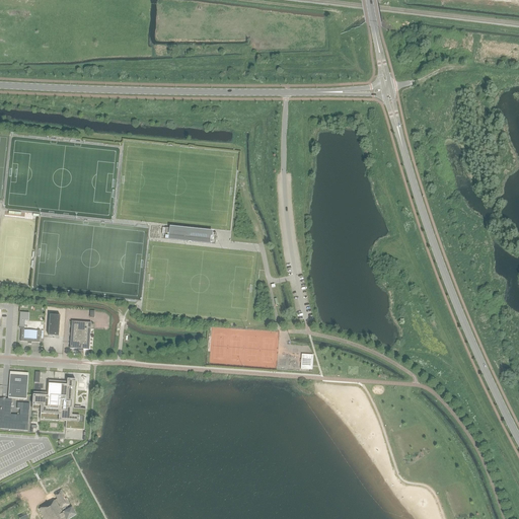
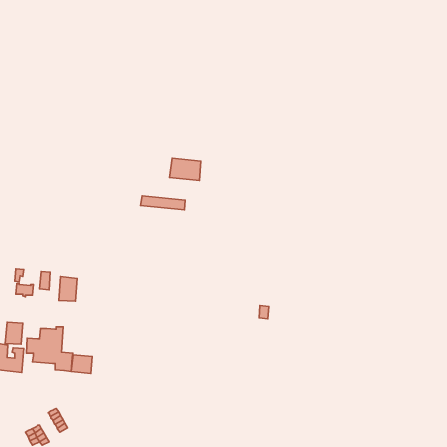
building: none -> [170,158,201,181]
building: none -> [71,355,92,373]

